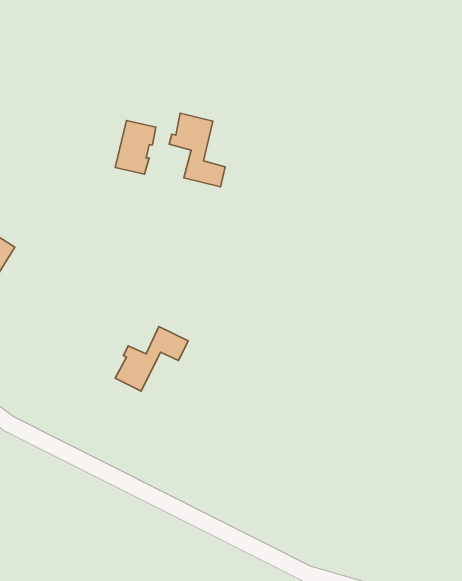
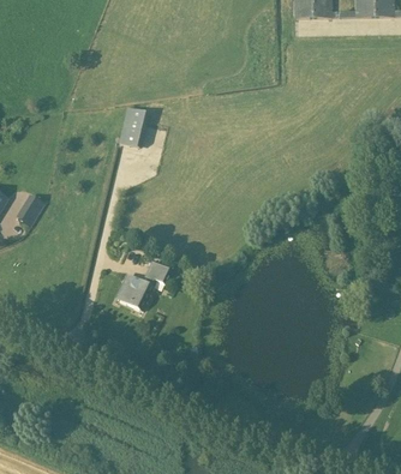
building: [169,113,225,187] -> none

